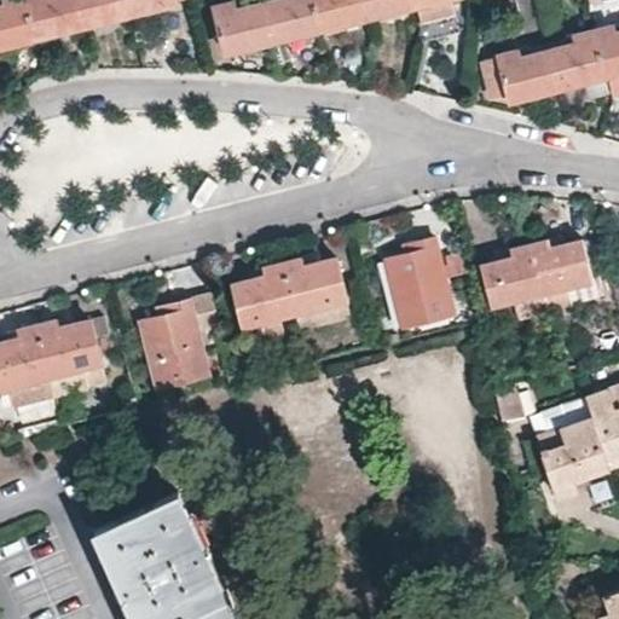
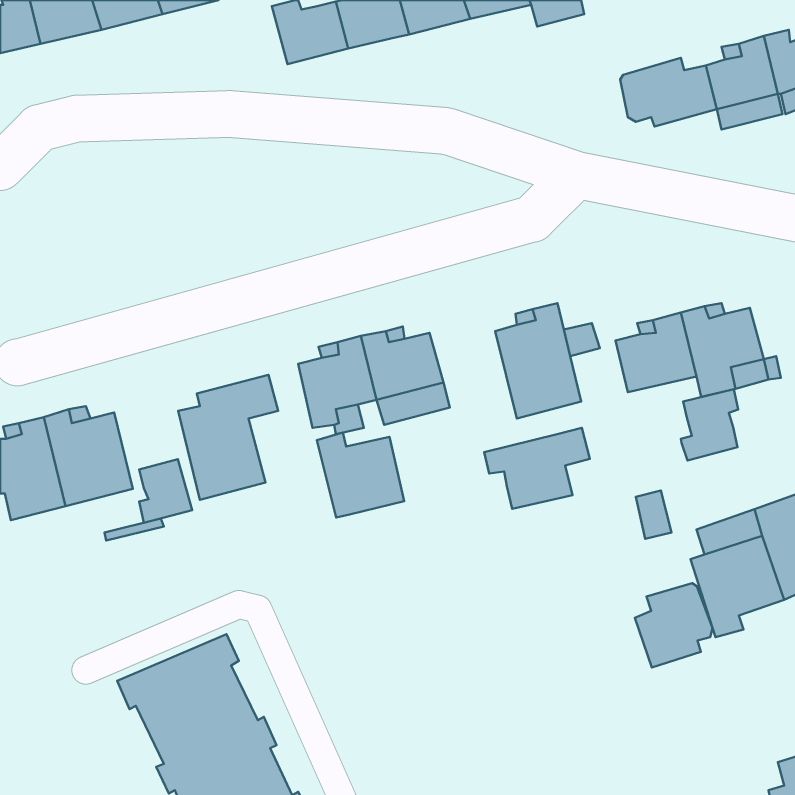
building: none -> [681,389,738,461]
building: none -> [484,428,590,509]
building: none -> [317,433,404,518]
building: none -> [139,459,192,523]
building: none -> [635,583,712,668]

